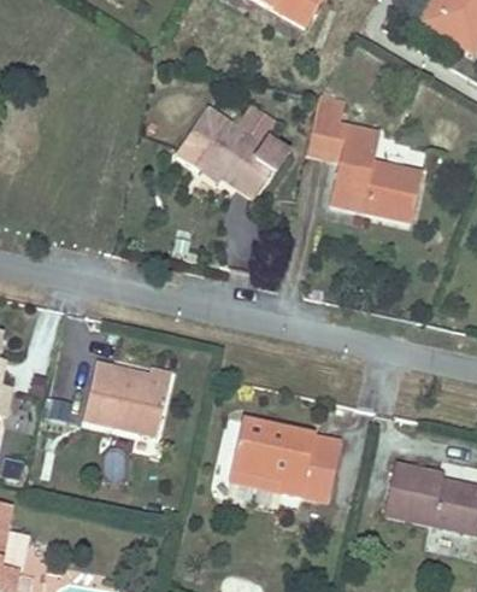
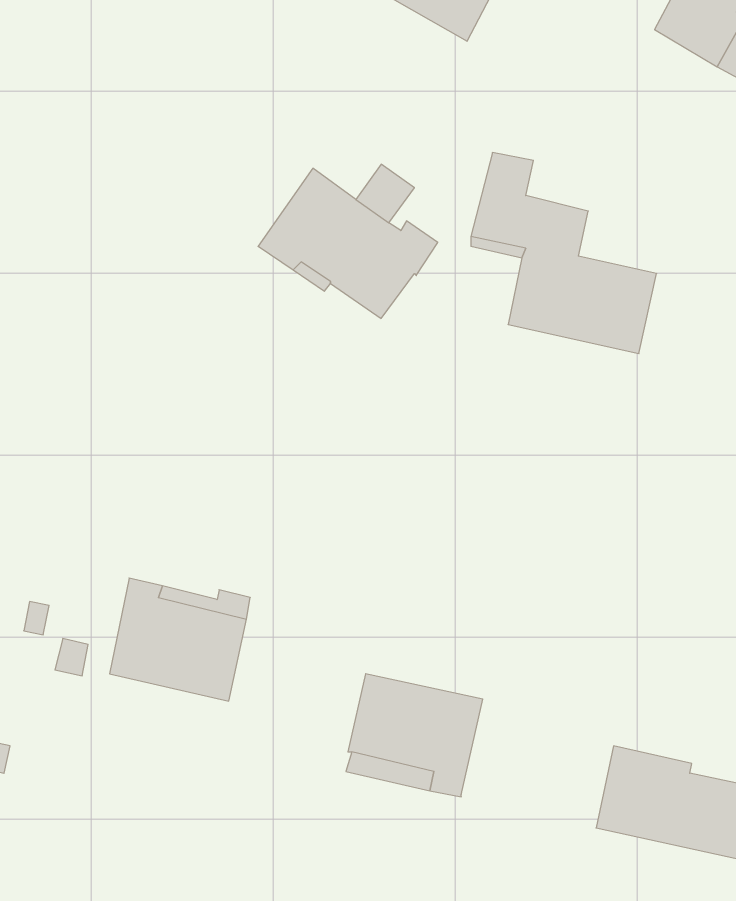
building: [301,434,342,499] -> none

